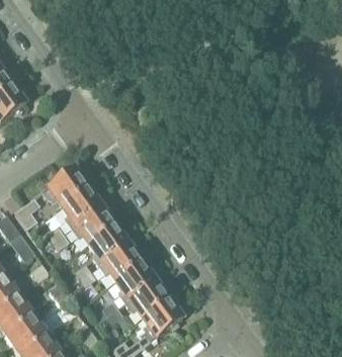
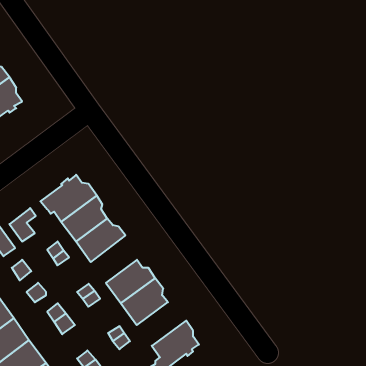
building: [88,221,129,263] -> none
building: [129,280,172,319] -> none

